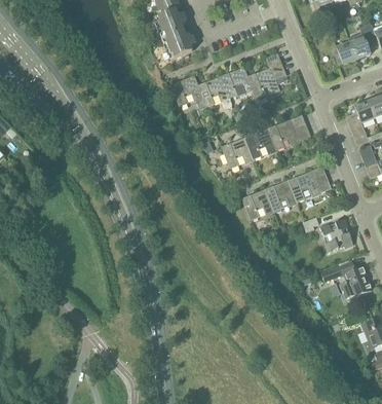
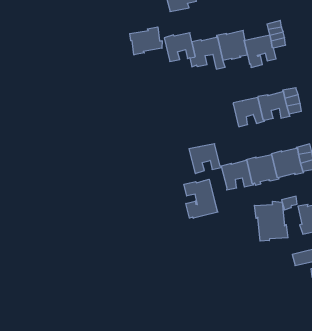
building: none -> [130,27,162,55]
building: [221,137,254,168] -> [189,144,221,174]
building: none -> [184,179,218,218]
building: none -> [254,201,288,241]

